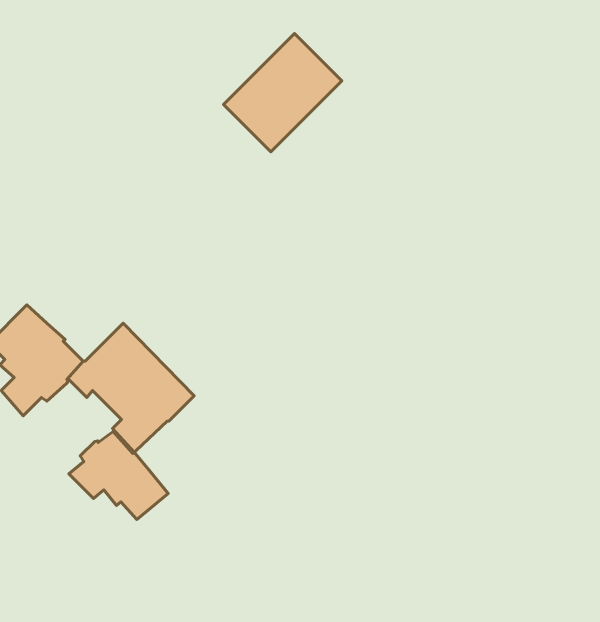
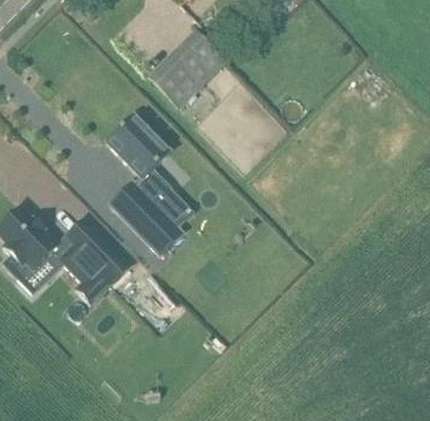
building: none -> [107,115,192,254]
building: [69,432,168,520] -> none

